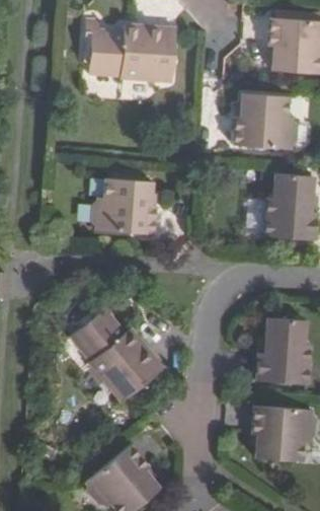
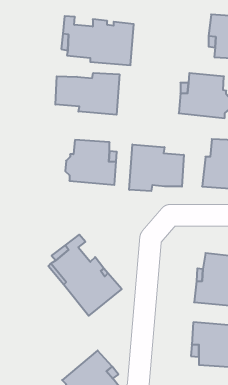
building: none -> [55,73,119,115]
building: none -> [129,144,184,191]

